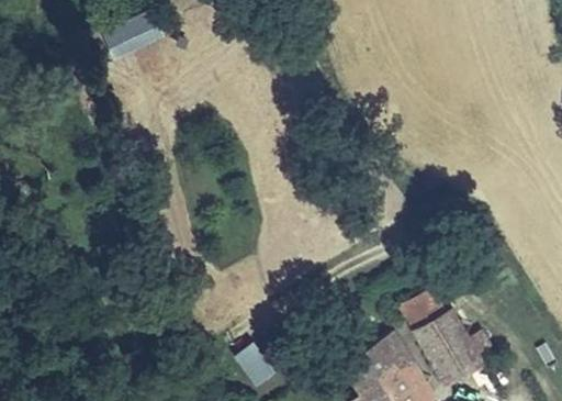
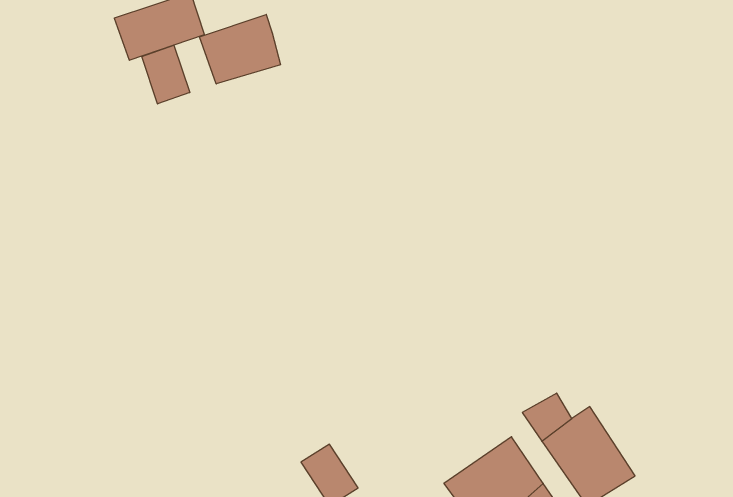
building: none -> [199,14,281,84]
building: none -> [142,45,190,104]

